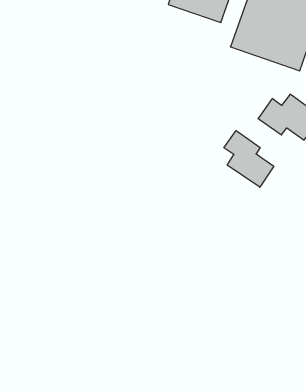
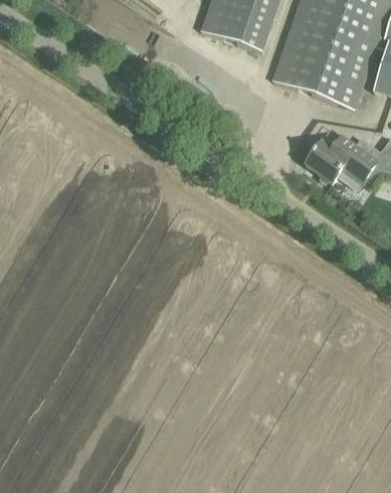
building: [224,131,274,187] -> none

